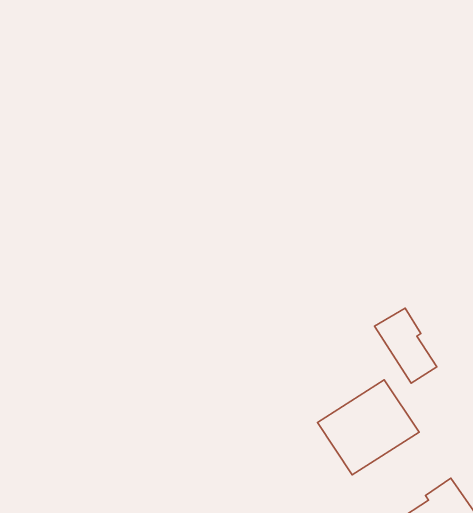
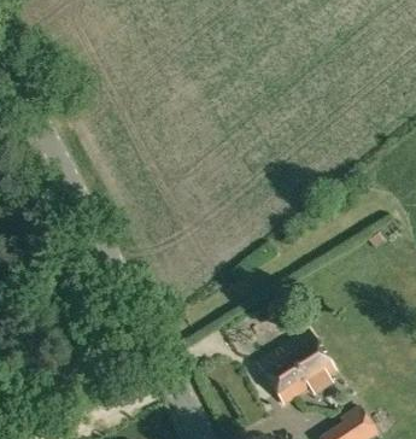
building: [374,308,437,383] -> none

